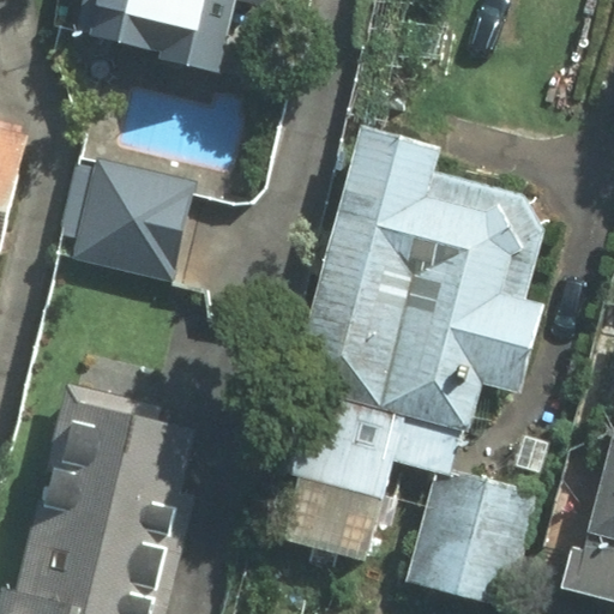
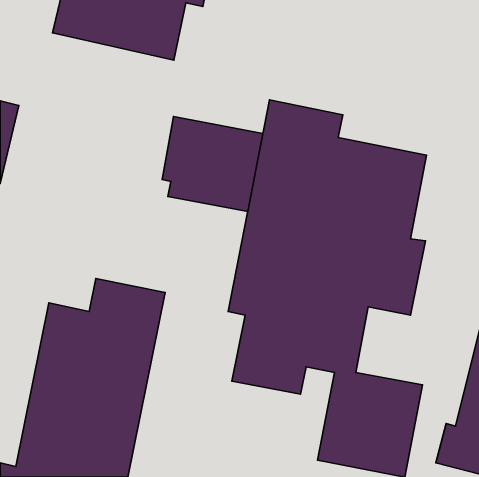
building: [68,158,197,279] -> [162,117,263,212]

